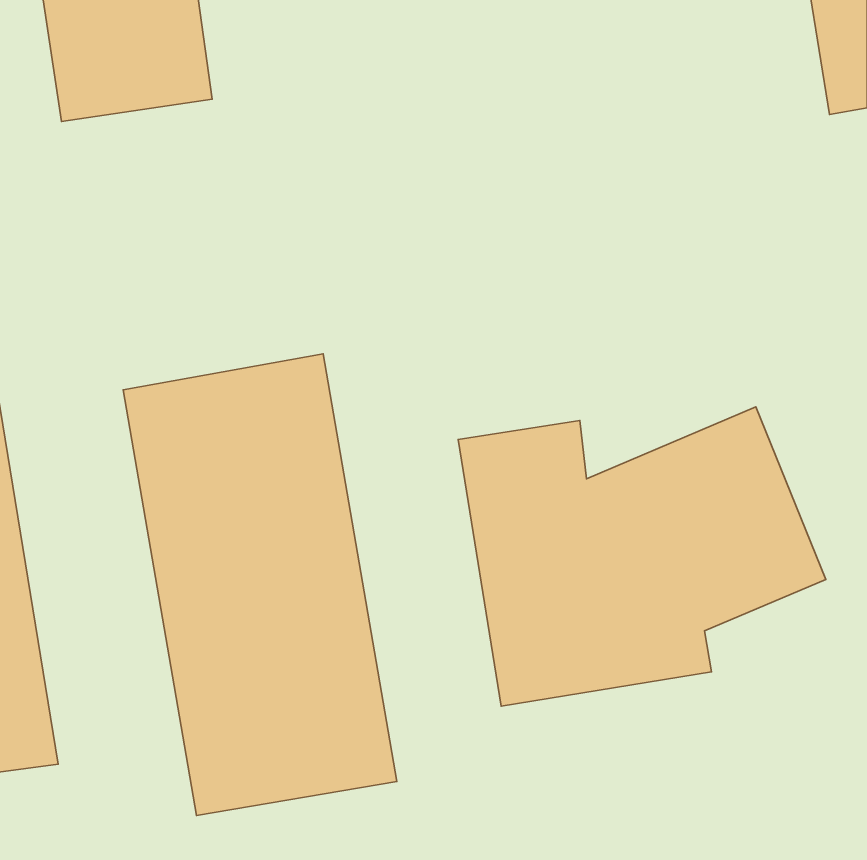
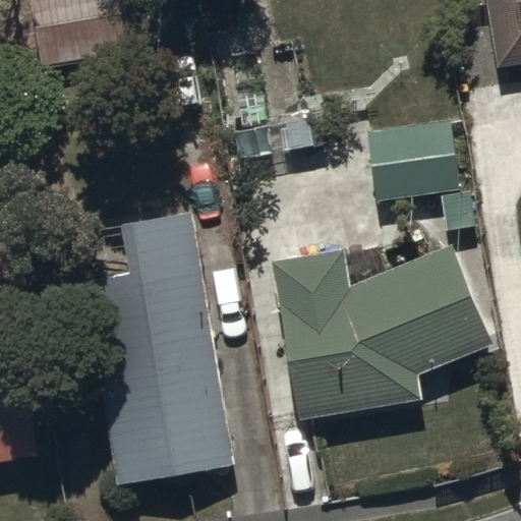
building: none -> [365,119,472,229]

